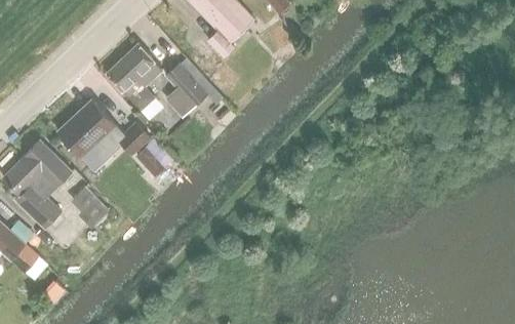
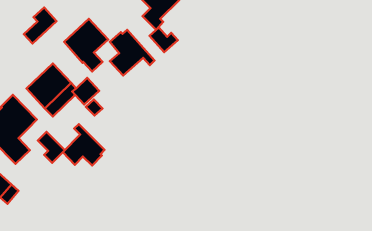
building: none -> [24,7,57,43]
building: none -> [150,27,178,52]
building: none -> [63,124,104,165]

